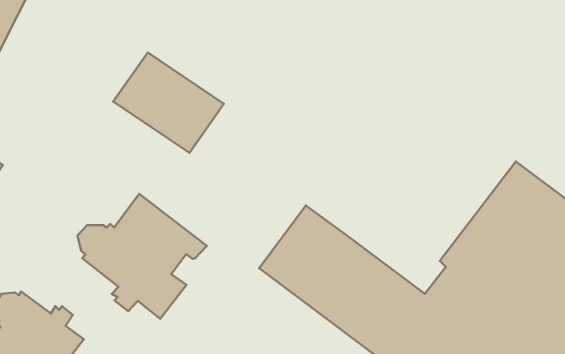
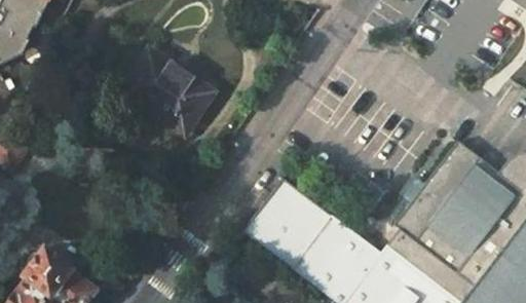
building: [77,194,207,319] -> none

